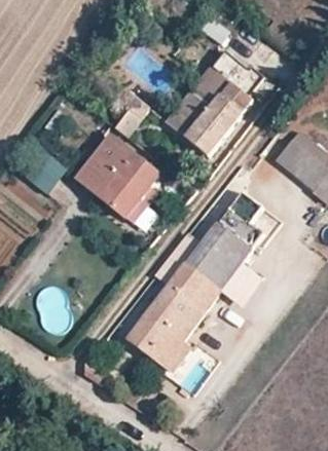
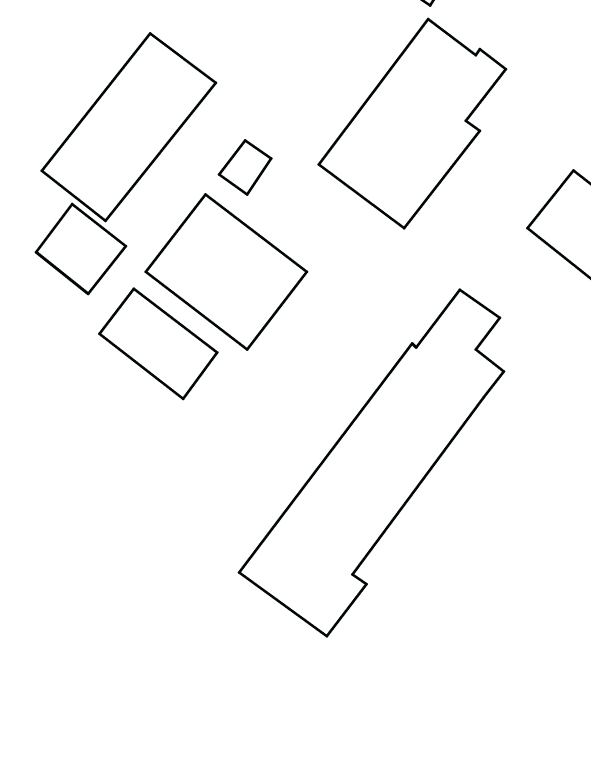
building: none -> [42,33,216,221]
building: none -> [100,289,217,399]

